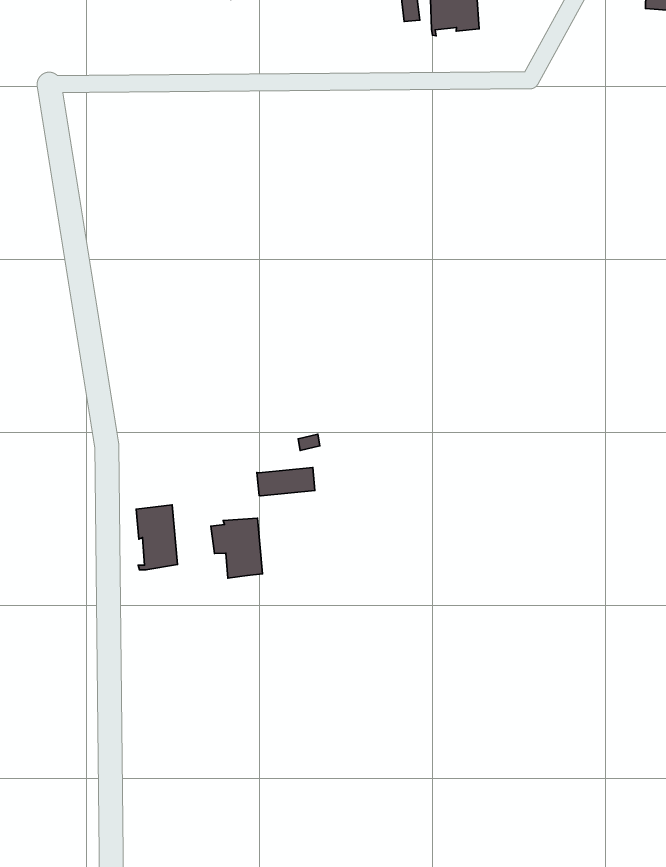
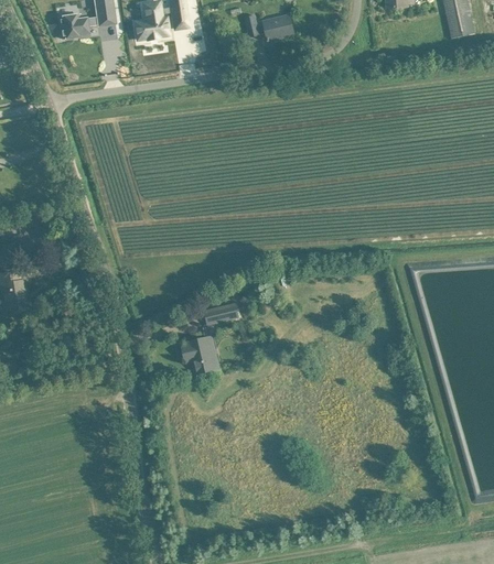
building: [136,505,177,570] -> none

